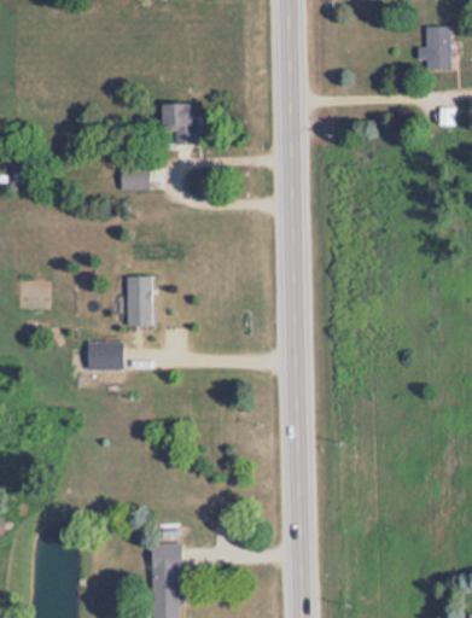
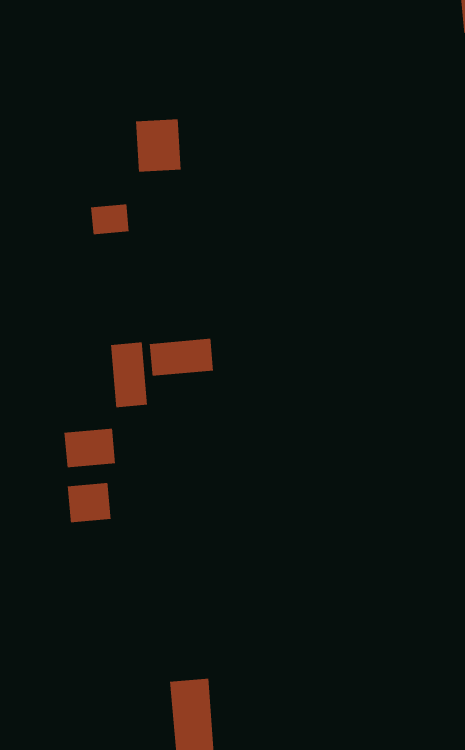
building: none -> [149,338,214,376]
building: none -> [67,482,111,523]

